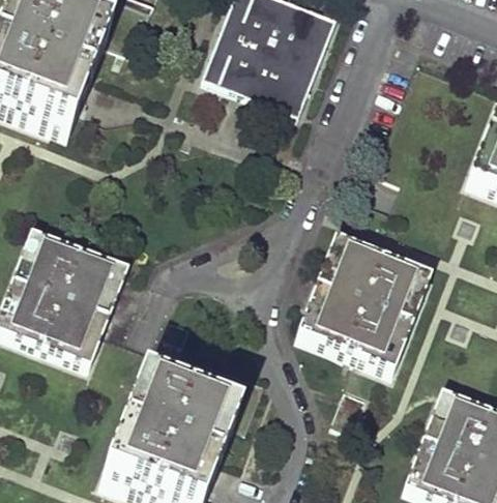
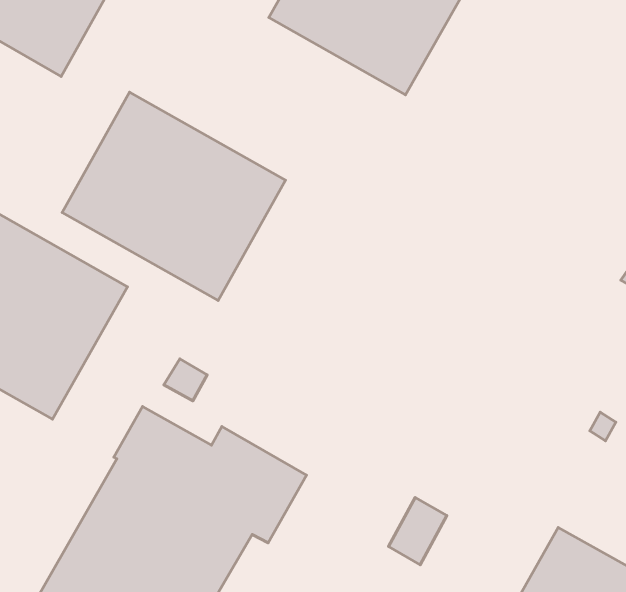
building: none -> [62,92,286,300]
building: [293,240,430,375] -> none

